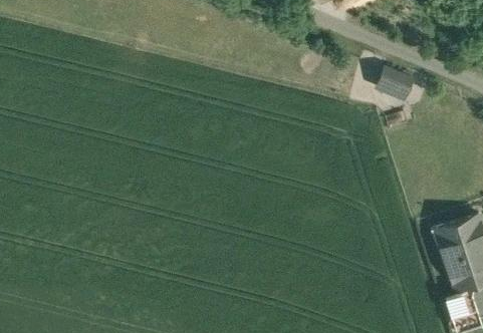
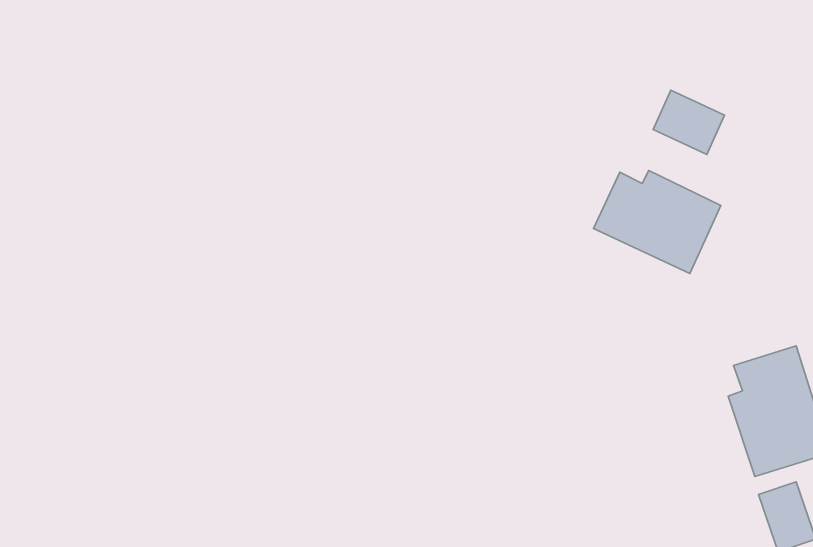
building: none -> [594,171,721,273]

